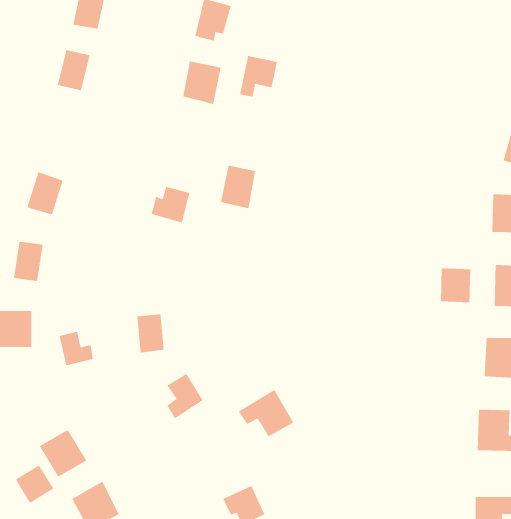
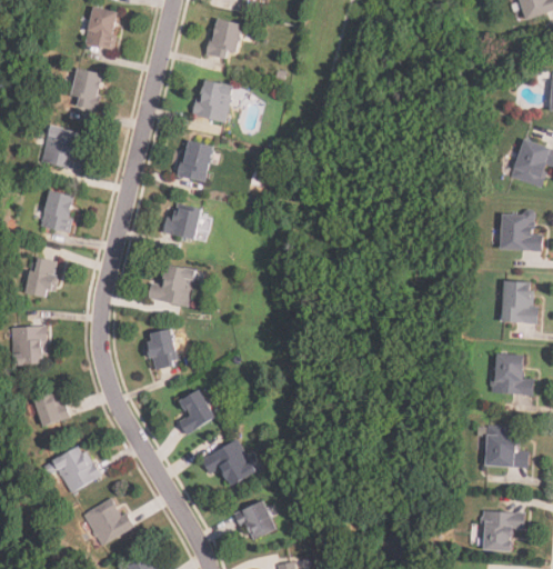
building: [240,55,277,97] -> none
building: none -> [40,124,84,171]
building: [220,165,256,209] -> [175,139,211,182]
building: none -> [147,263,194,307]
building: [440,267,471,303] -> none
building: [59,331,94,366] -> [33,390,68,425]
building: [238,389,294,437] -> [200,438,255,486]
building: [15,465,54,504] -> none

